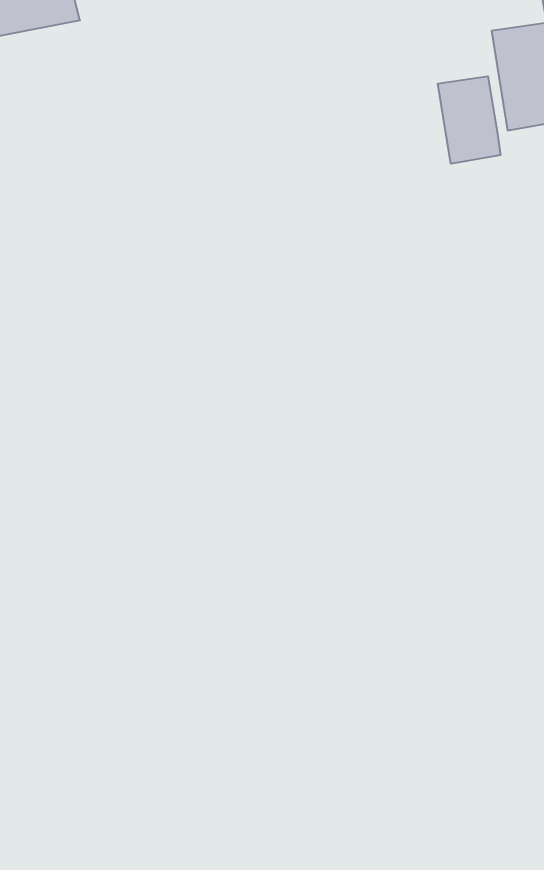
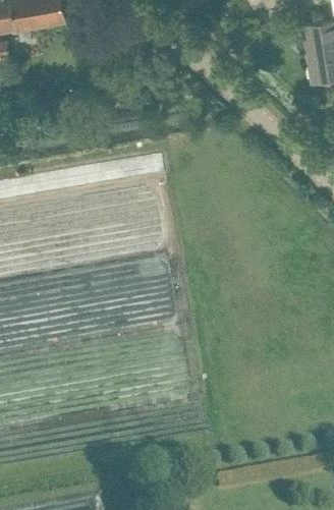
building: [438,76,500,164] -> none

